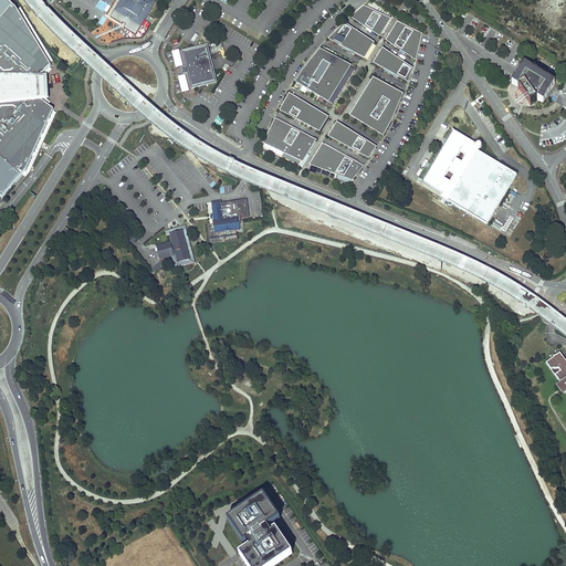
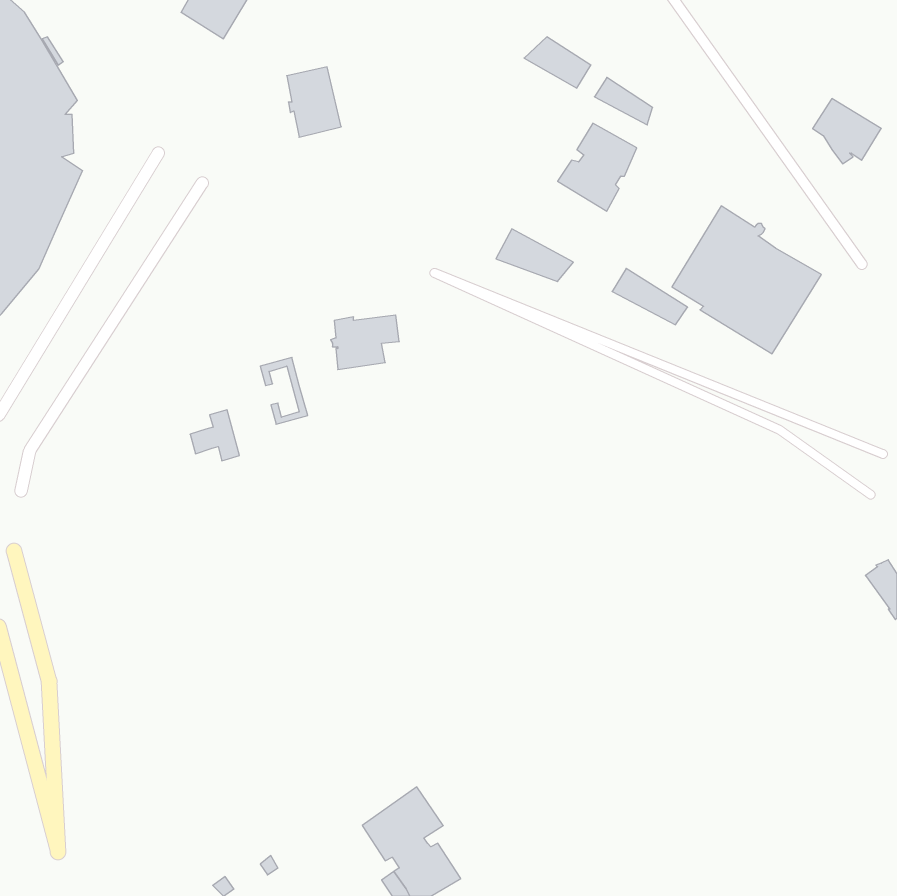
building: [352,6,388,32] -> none
building: [387,21,419,56] -> none
building: [295,46,354,101] -> none
building: [281,93,326,128] -> none
building: [264,117,313,159] -> none
building: [327,123,375,158] -> [612,268,688,325]
building: [157,230,188,262] -> [190,410,239,461]

